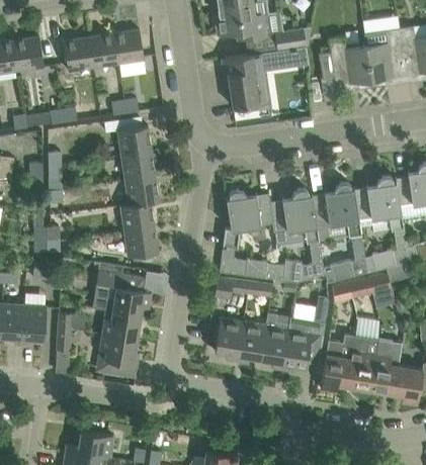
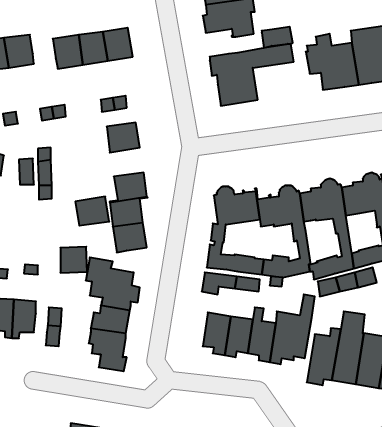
building: [120,151,155,180] -> [75,197,109,226]
building: [33,226,61,253] -> [60,247,87,273]

